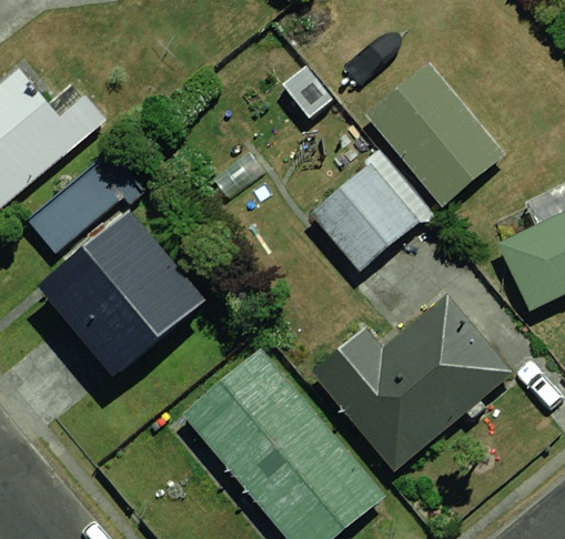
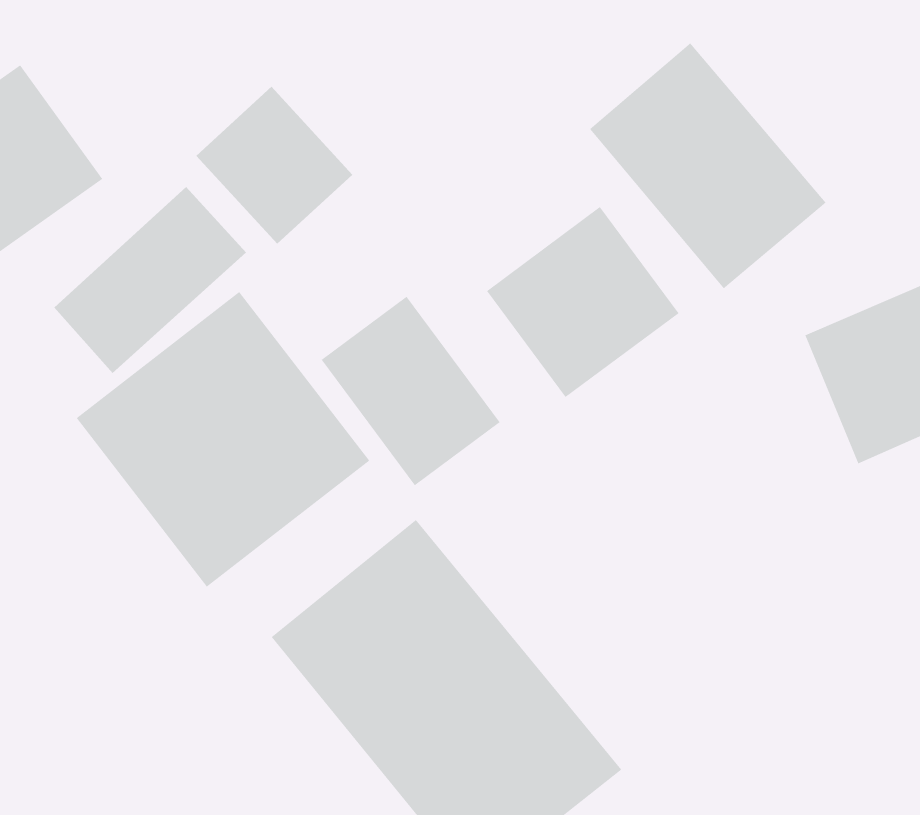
building: none -> [196,86,353,245]
building: none -> [321,296,501,486]
building: [319,298,511,469] -> none

